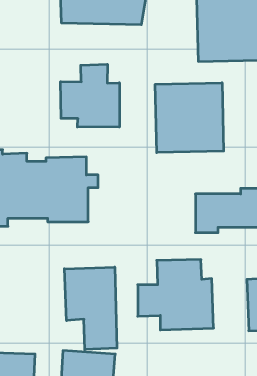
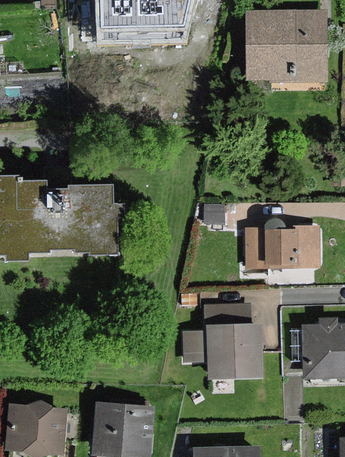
building: [61,64,119,127] -> none
building: [155,83,224,153] -> none
building: [64,267,117,350] -> none

